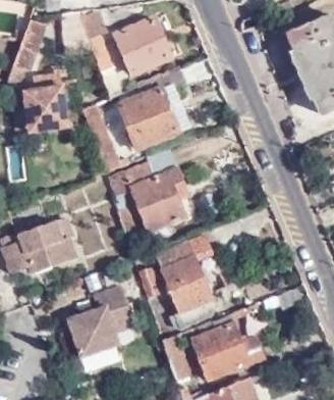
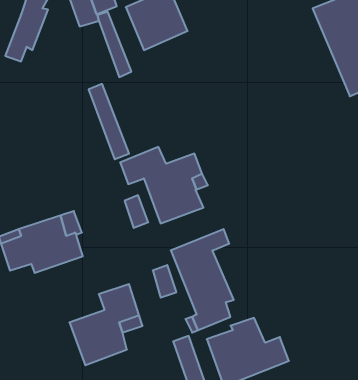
building: [118,68,190,148] -> none
building: [13,86,66,134] -> none

